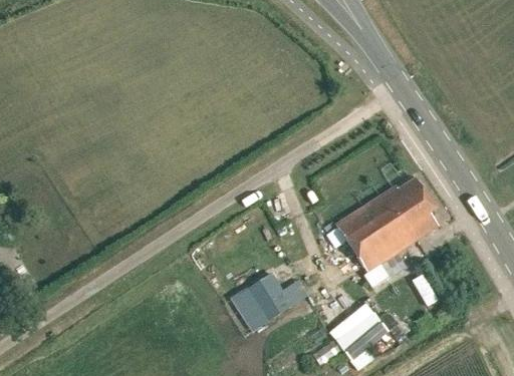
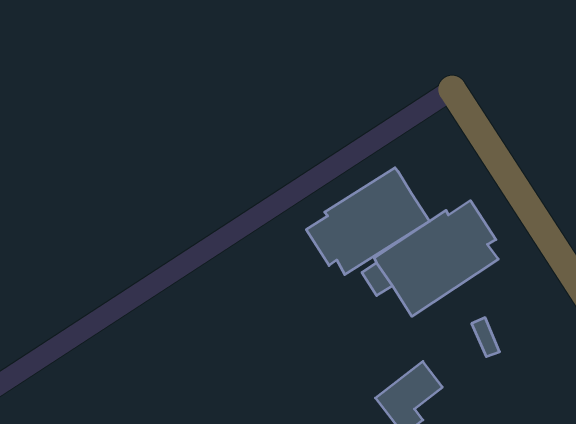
building: none -> [306,168,430,275]
building: [241,275,290,332] -> none

